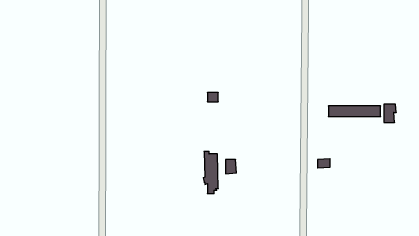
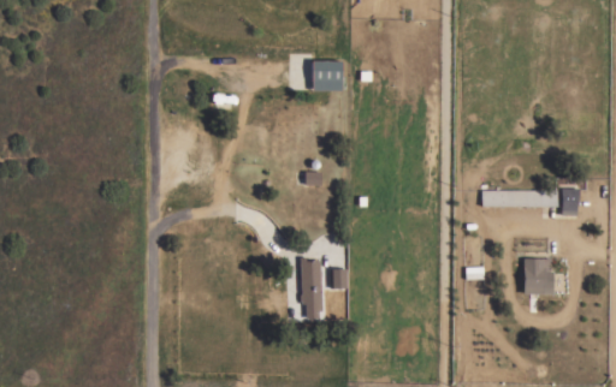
building: none -> [313,60,343,90]
building: none -> [525,257,551,293]

